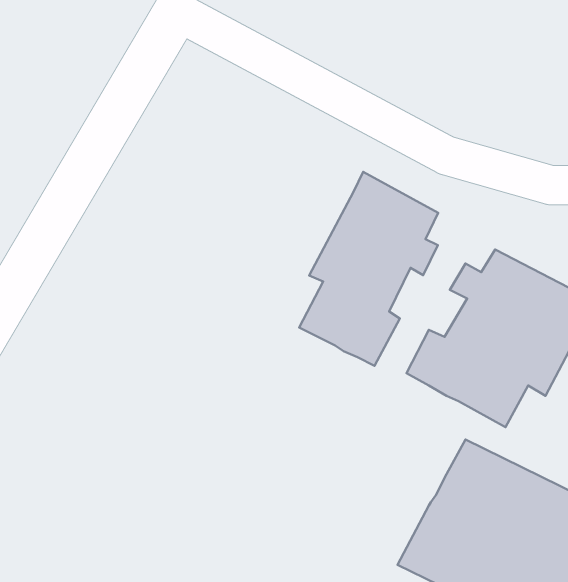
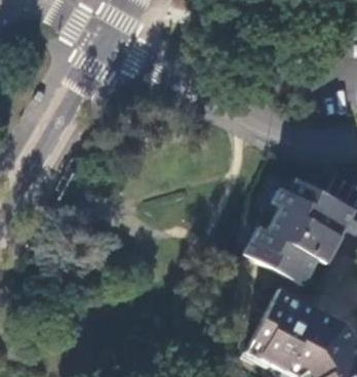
building: [299,172,438,366] -> none

